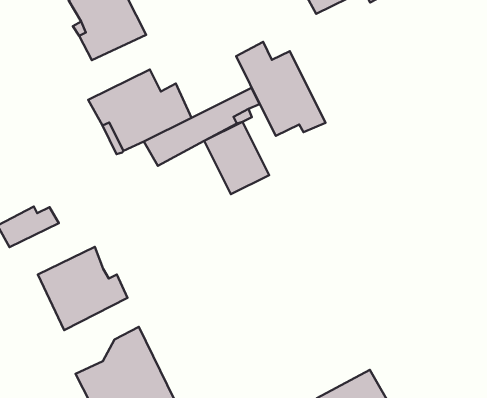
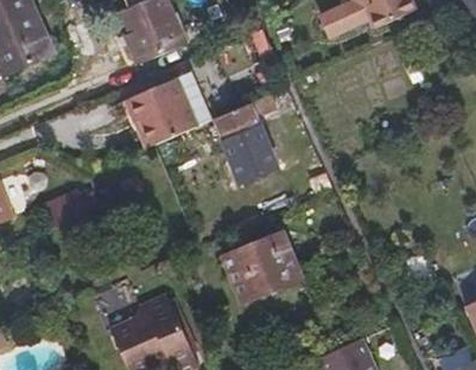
building: [236,42,325,136] -> none
building: [38,247,128,330] -> none
building: none -> [223,234,298,299]

